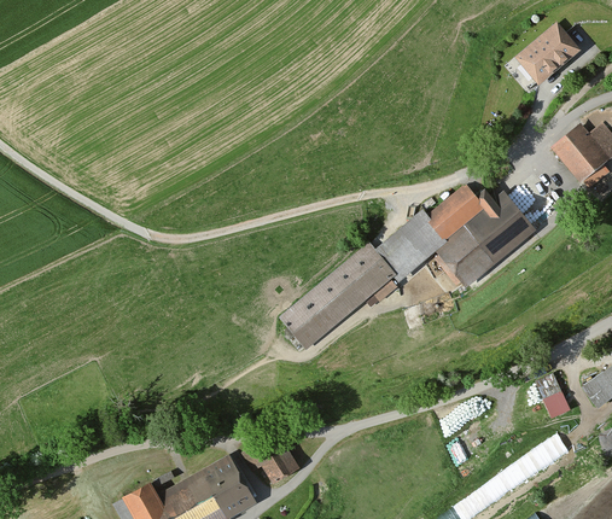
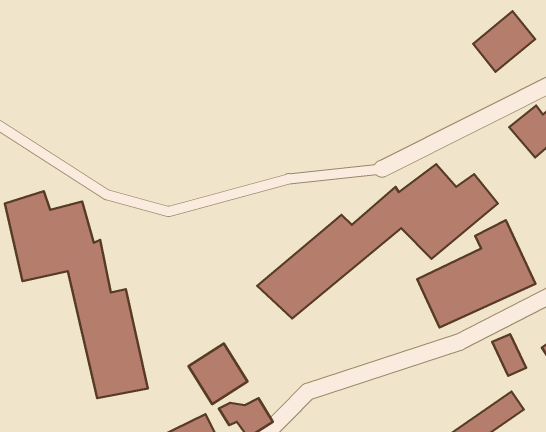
building: none -> [5,191,148,398]
building: none -> [417,220,535,327]
building: none -> [189,344,248,404]

